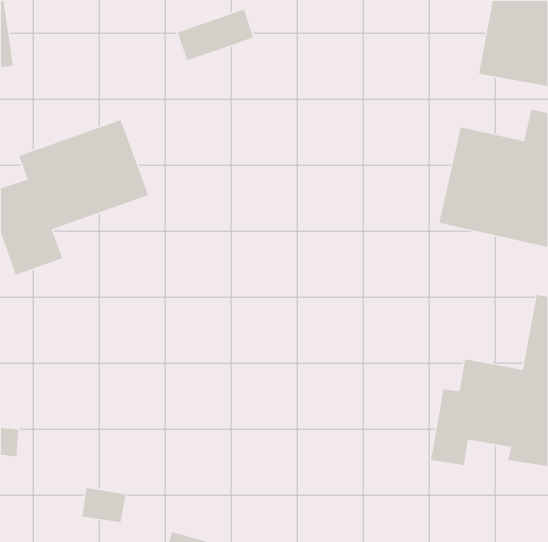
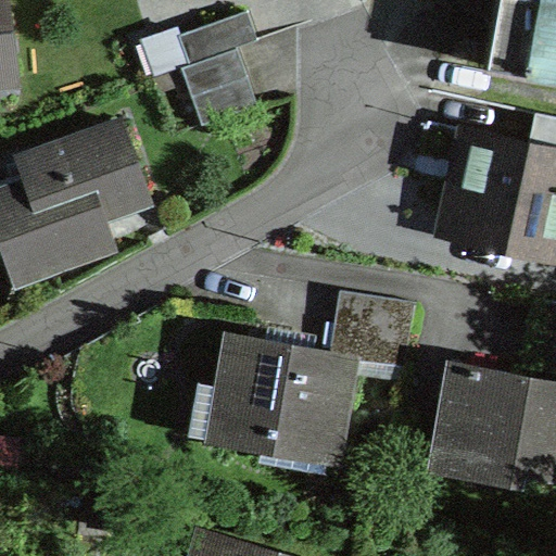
building: none -> [181,52,257,129]
building: none -> [215,295,415,465]

